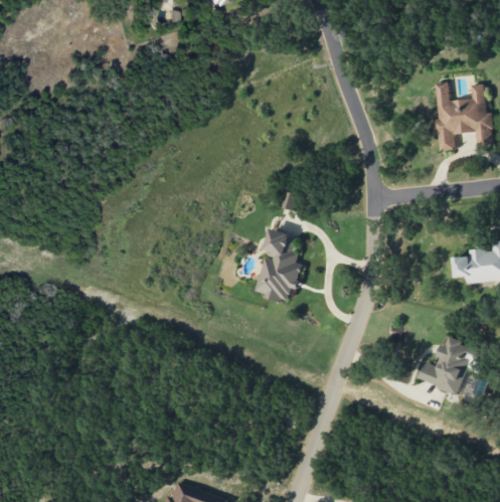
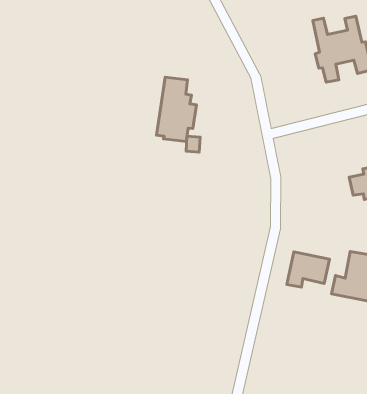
building: [256,229,303,302] -> [157,77,196,142]
building: none -> [287,252,330,287]

